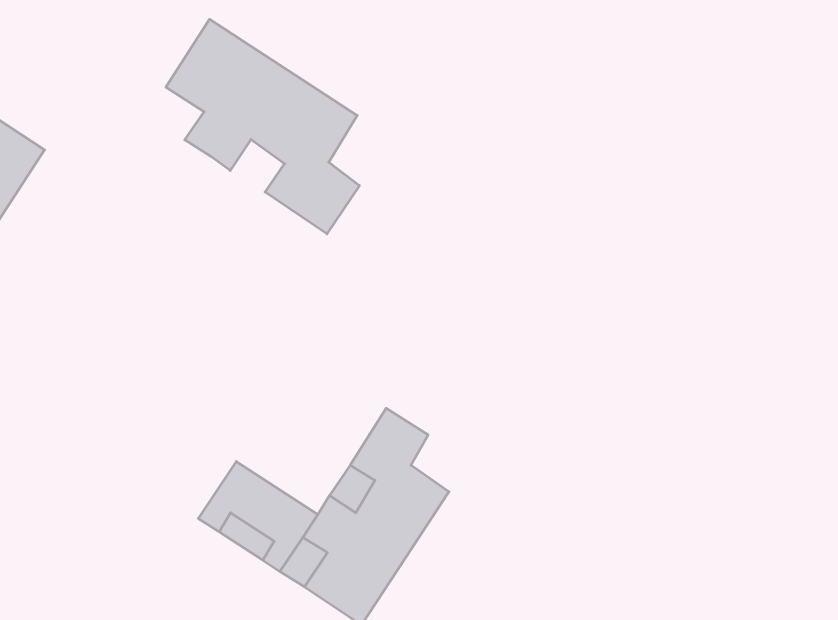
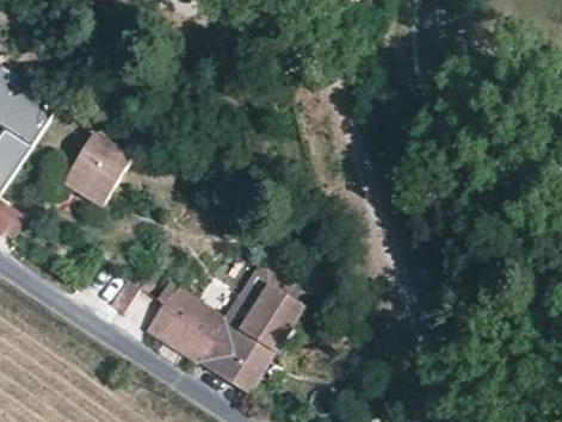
building: [166,19,359,234] -> none
building: none -> [67,130,135,201]

